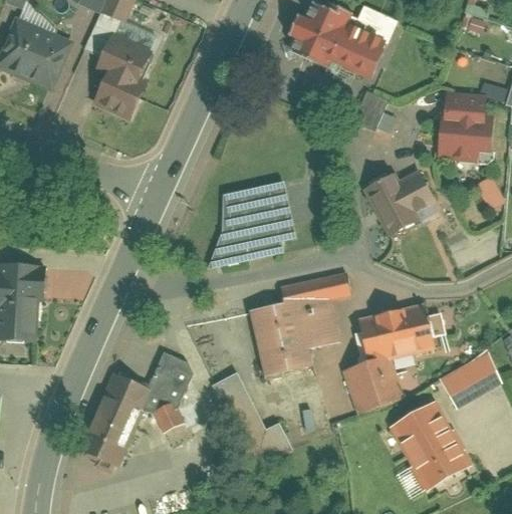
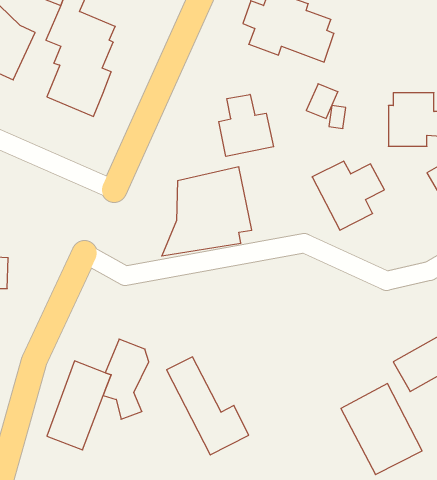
building: none -> [219,94,274,156]
building: [250,272,349,380] -> none
building: [341,300,436,416] -> none

